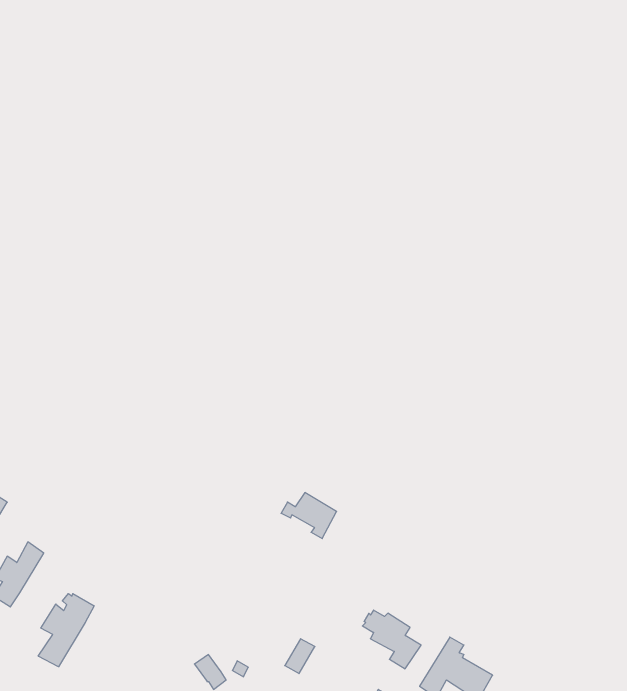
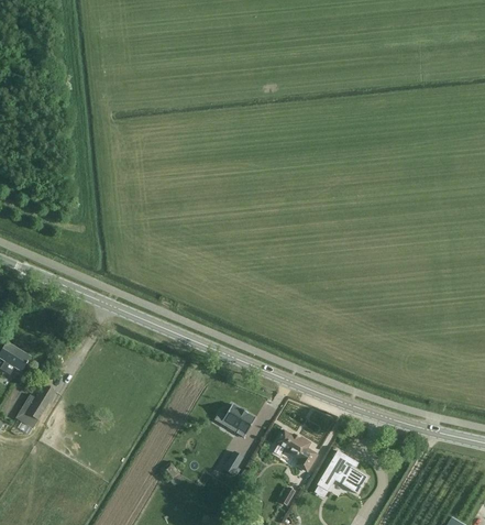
building: [281,493,337,539] -> [216,405,254,437]
building: [38,594,94,667] -> none

